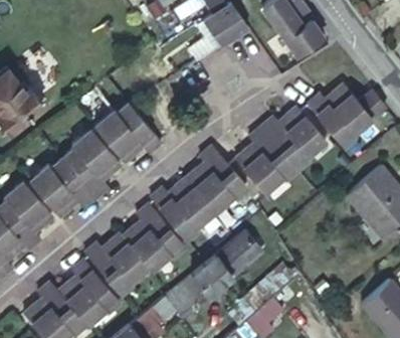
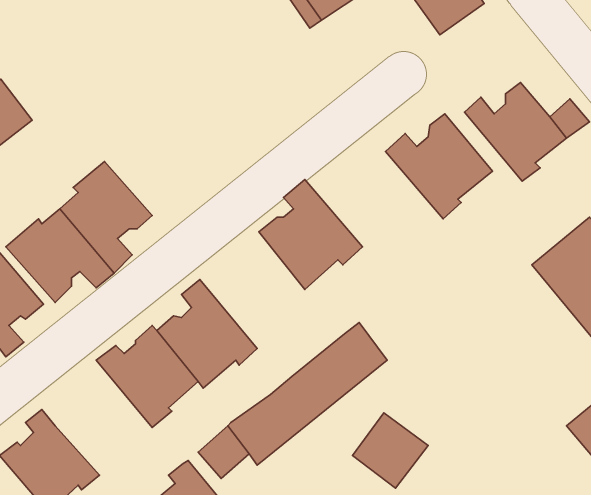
building: [92,105,159,161] -> none
building: [235,126,295,189] -> none
building: [148,175,211,239] -> none
building: [58,263,119,327] -> none

